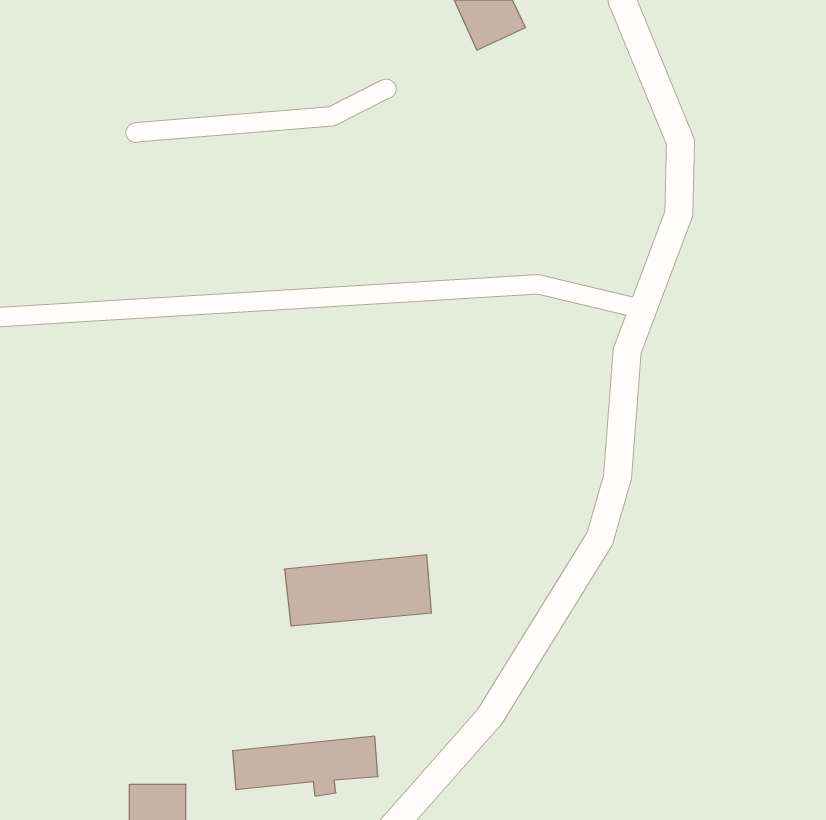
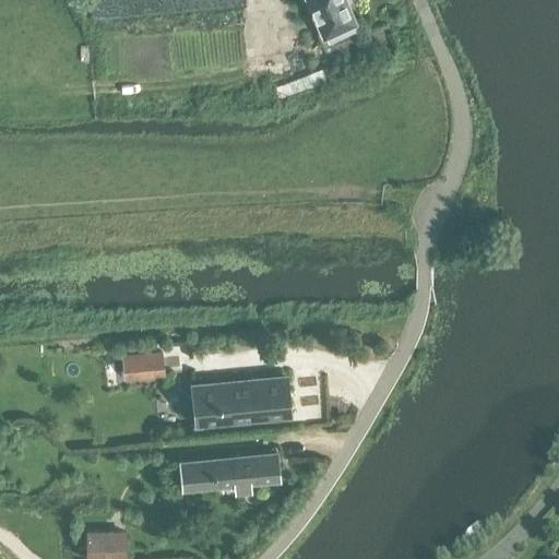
building: none -> [121,354,165,382]
building: [232,736,378,796] -> [181,454,280,495]

